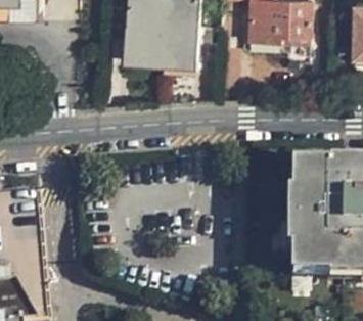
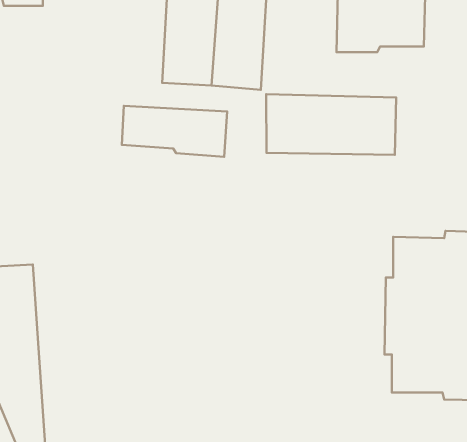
building: none -> [266,94,396,155]
building: none -> [122,106,227,157]

